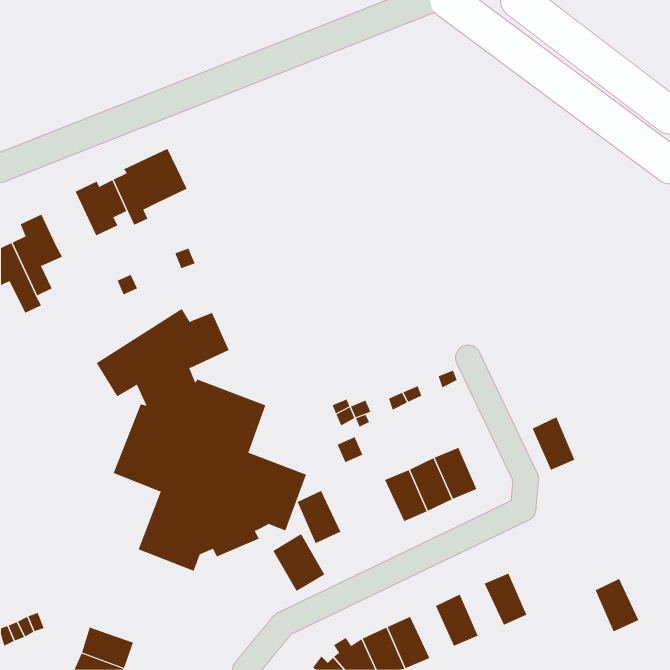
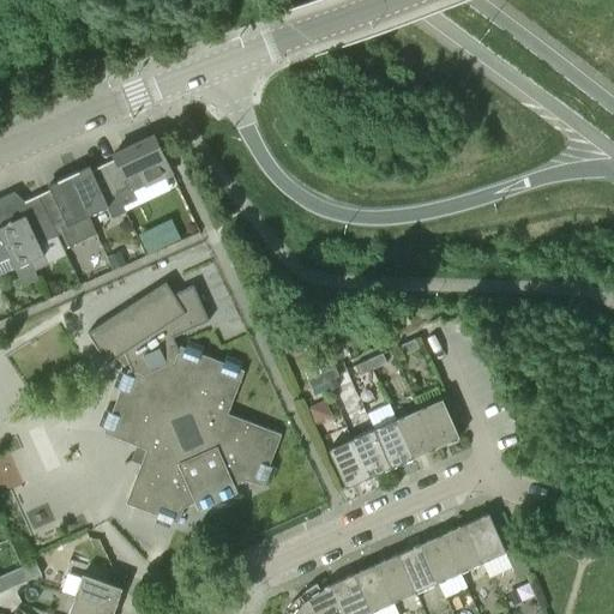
building: none -> [38,175,96,248]
building: [532,417,575,470] -> [420,398,459,447]
building: [297,490,341,544] -> [329,439,369,488]
building: [272,533,325,592] -> none
building: [595,578,639,632] -> [465,513,506,562]
building: none -> [421,534,460,582]
building: none -> [375,554,415,602]

